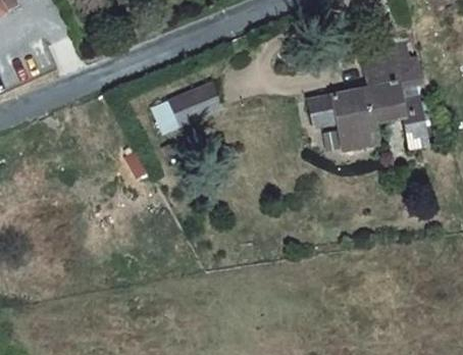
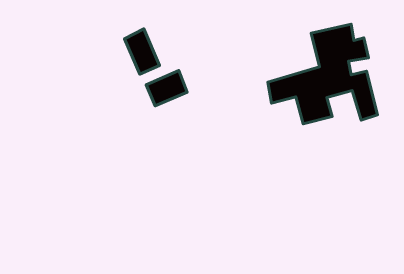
building: none -> [124,29,159,74]

